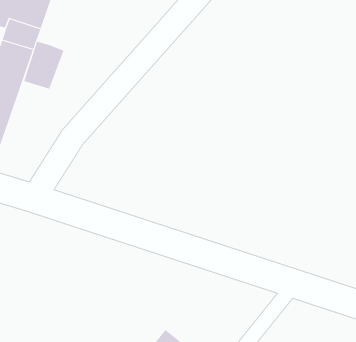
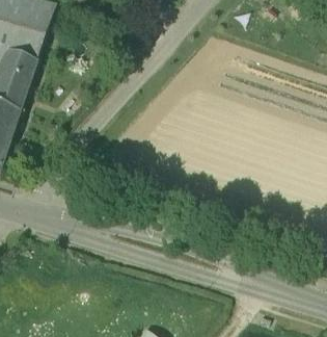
building: [23,41,64,90] -> none

